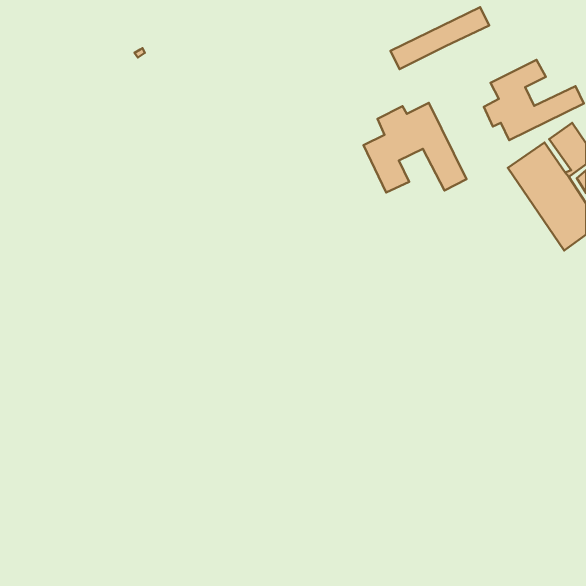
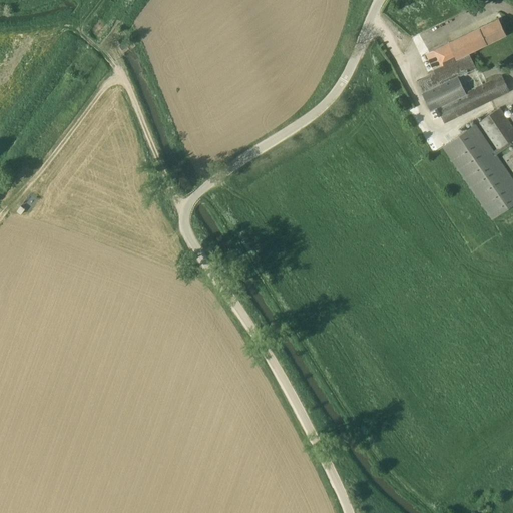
building: [390,7,489,69] -> [420,18,506,72]
building: [363,103,467,192] -> none

